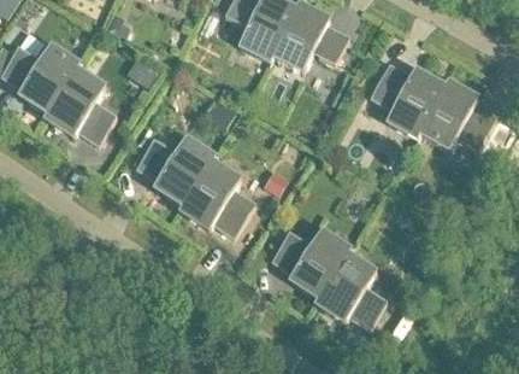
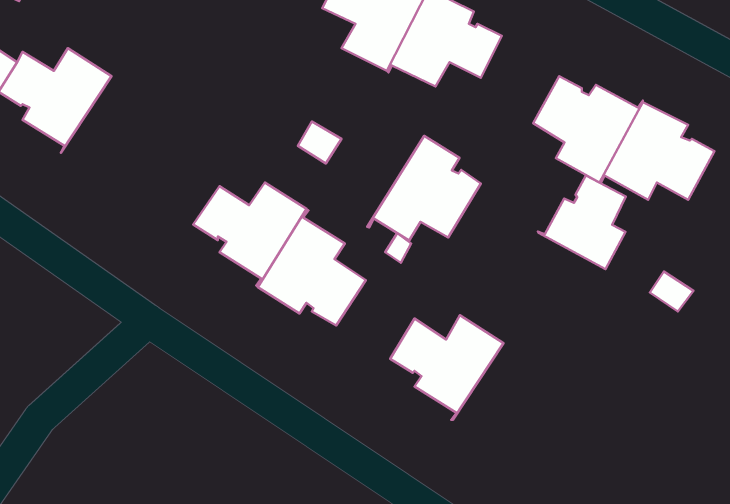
building: [43,63,116,142] -> none
building: none -> [367,136,481,241]
building: none -> [538,175,626,269]
building: [314,247,387,328] -> none

